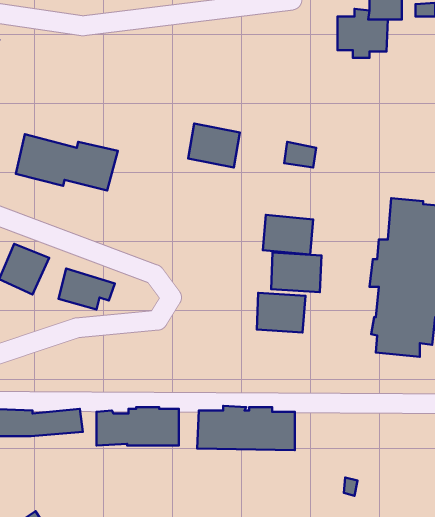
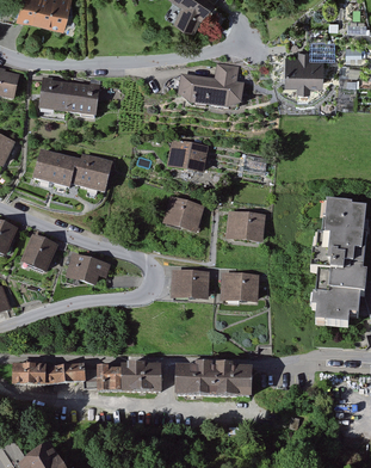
building: none -> [178,61,246,106]
building: none -> [39,75,100,115]
building: none -> [163,195,205,233]
building: [271,253,321,292] -> [172,269,211,300]

